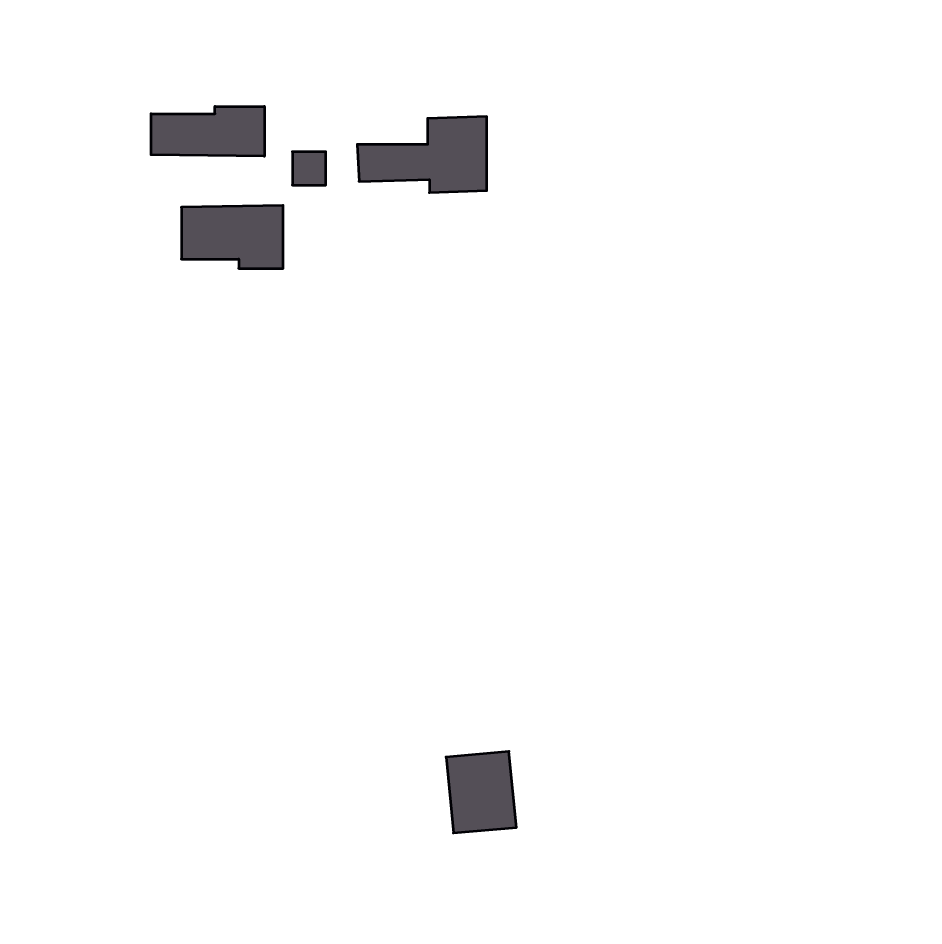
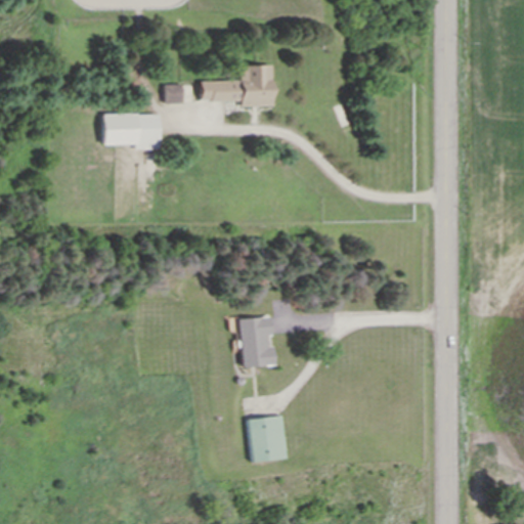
building: [151,106,264,156] -> none
building: none -> [239,316,274,366]

